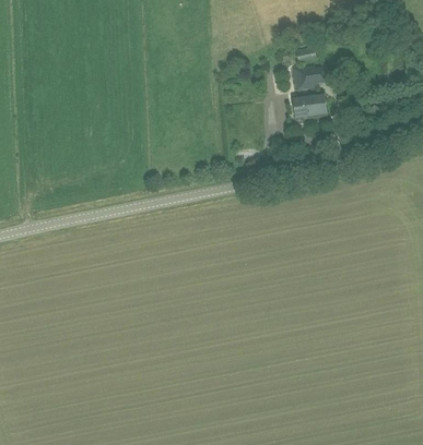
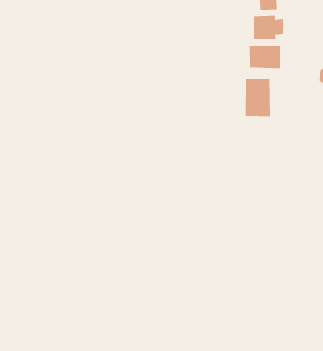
building: none -> [245,78,271,117]

